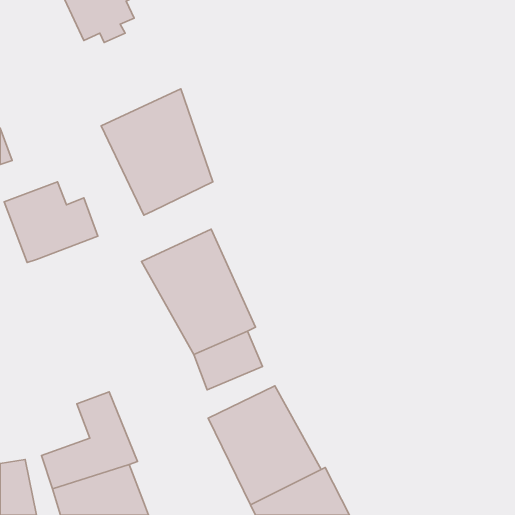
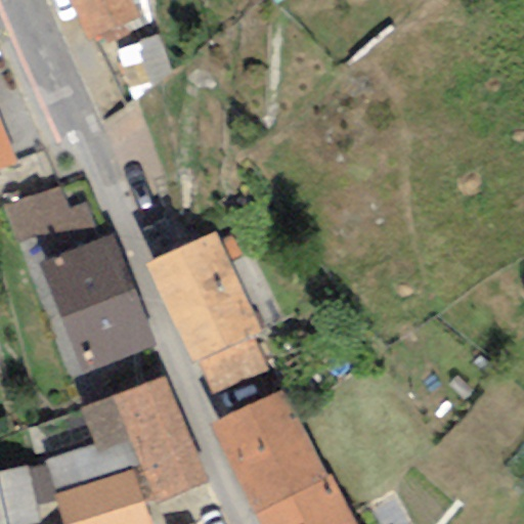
building: [101,89,213,215] -> none
building: none -> [38,235,160,372]
building: none -> [112,377,206,509]

